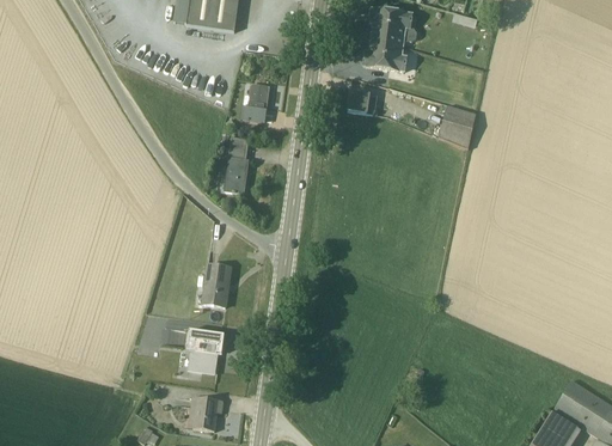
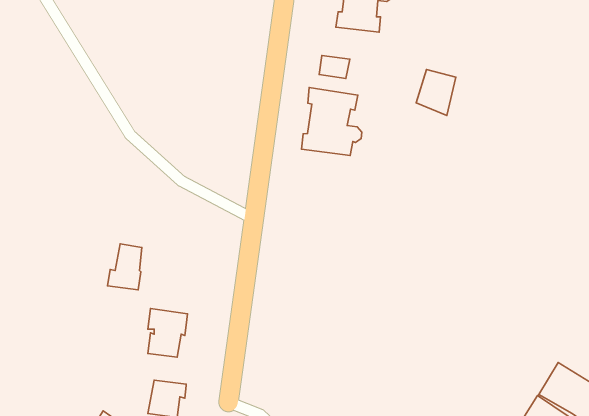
building: [240,83,270,122] -> none
building: none -> [301,87,362,156]
building: [220,138,249,194] -> none
building: [197,263,230,306] -> [107,244,142,290]

